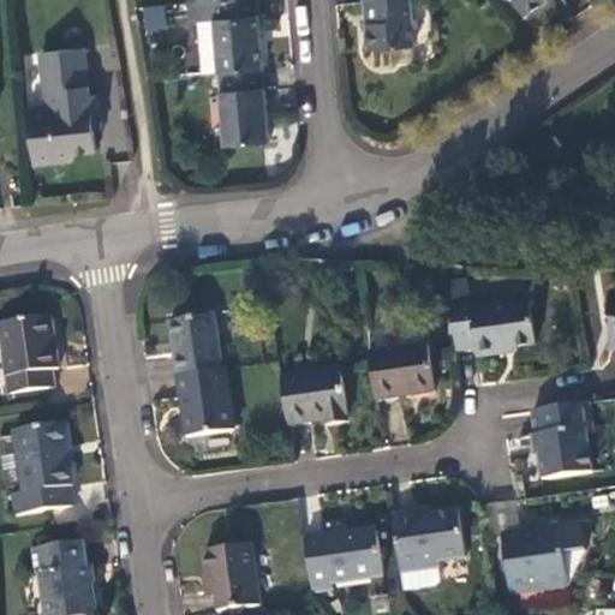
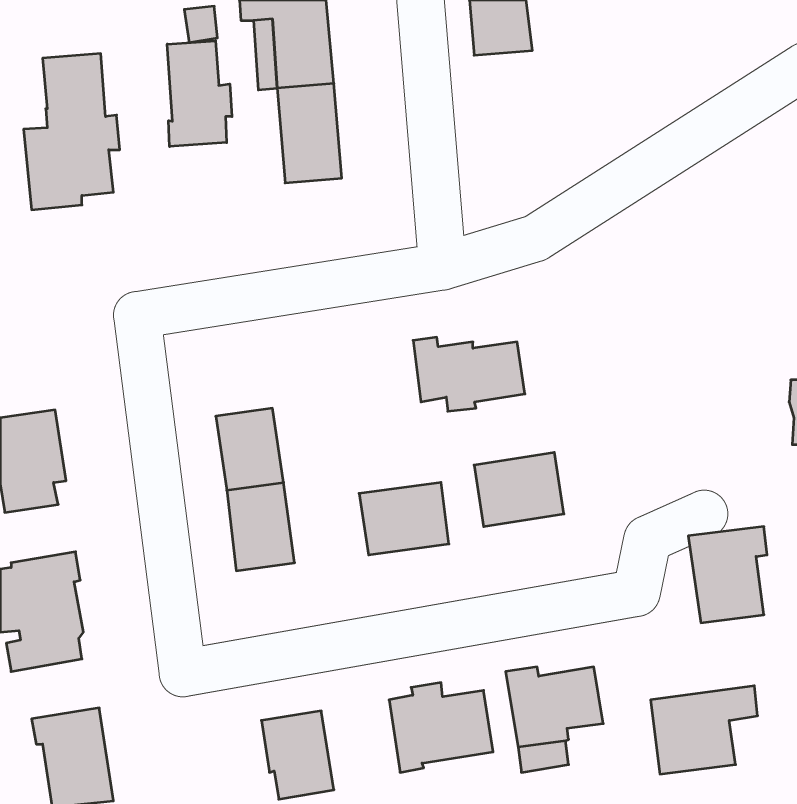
building: none -> [167,41,232,147]
building: [448,298,533,354] -> [413,337,525,411]

